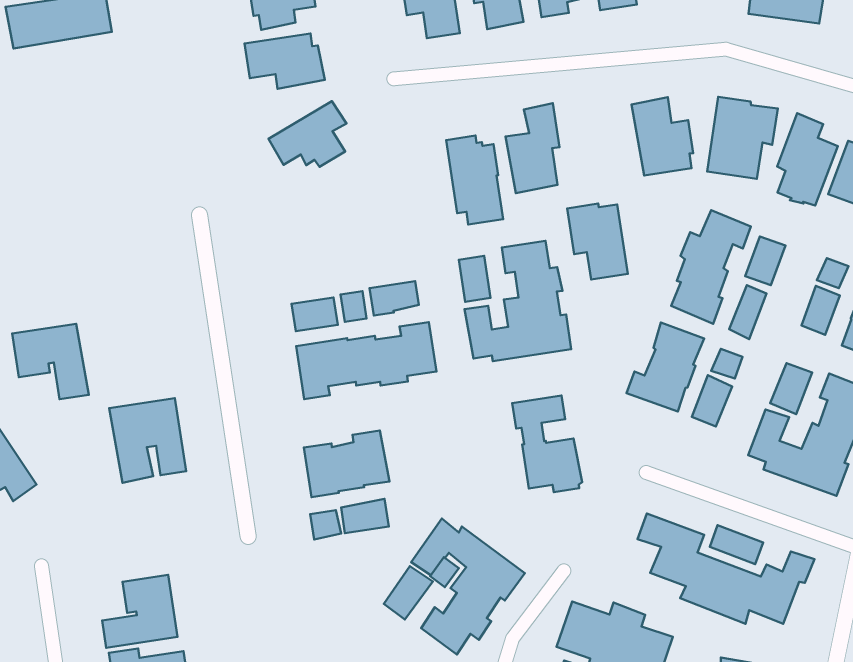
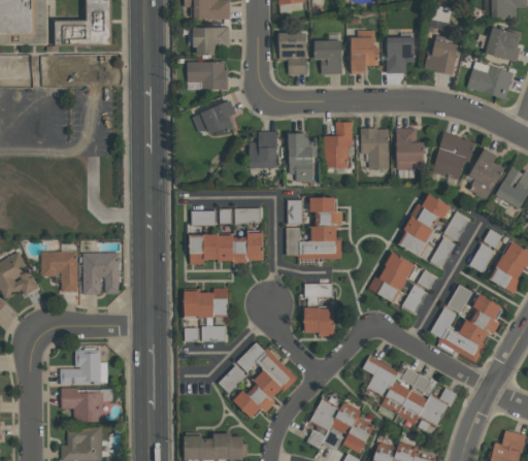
building: none -> [250,131,278,167]
building: [567,204,628,280] -> [360,127,388,168]
building: [12,324,89,399] -> [40,251,77,291]

